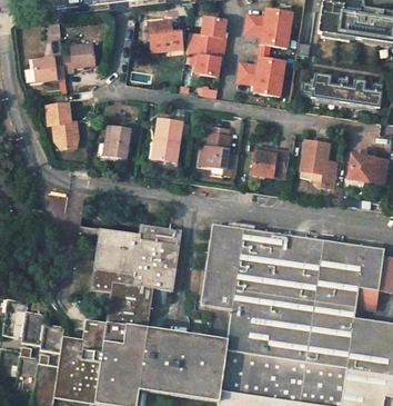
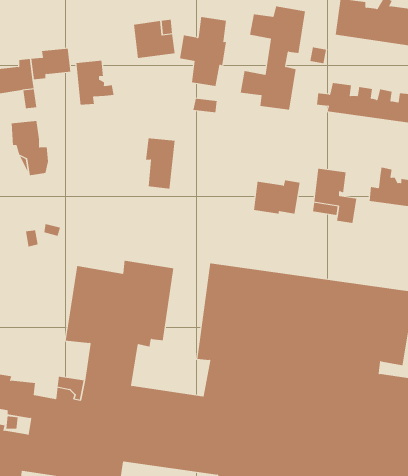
building: none -> [76,60,114,105]
building: [201,123,238,175] -> none
building: [107,125,132,158] -> none

